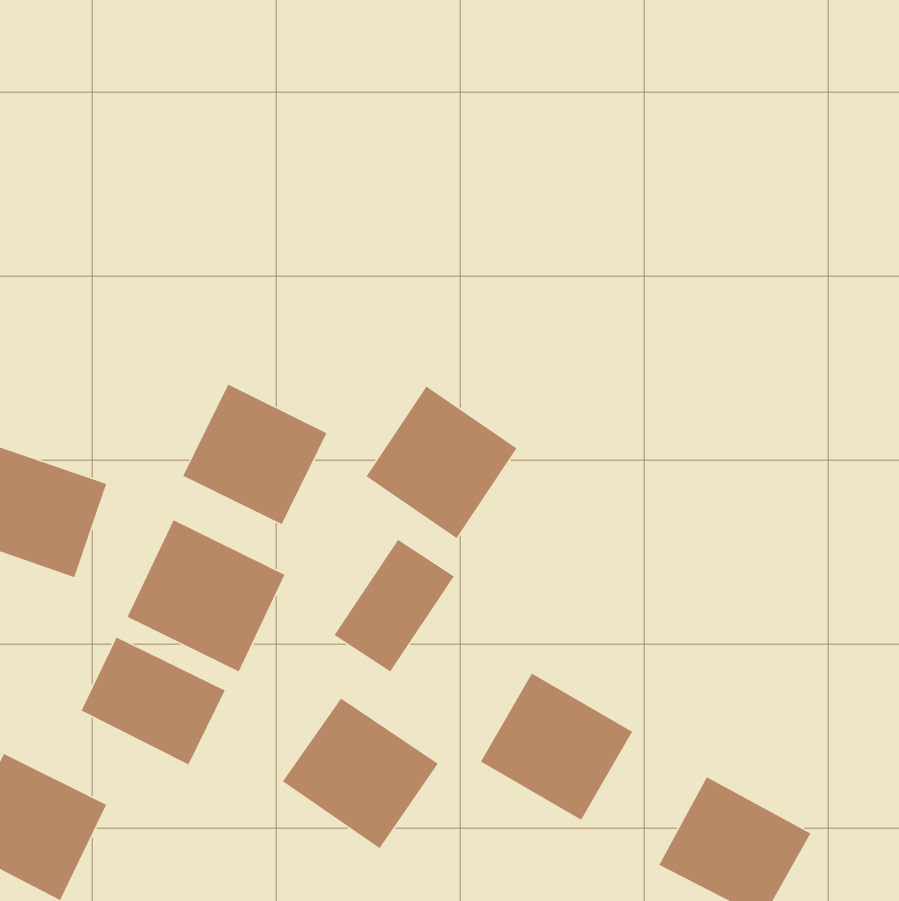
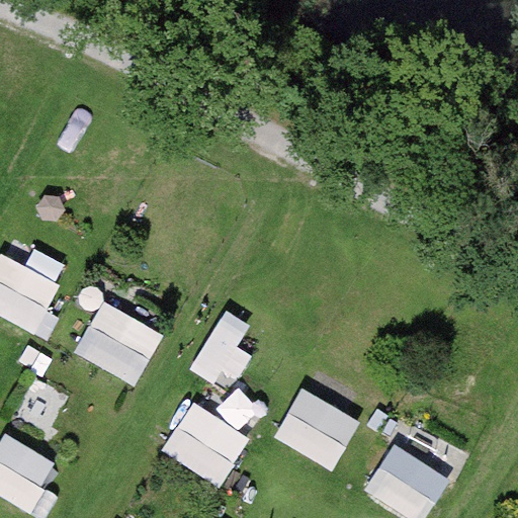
building: [182,384,327,525] -> none
building: [365,385,518,539] -> none
building: [81,636,226,765] -> none

